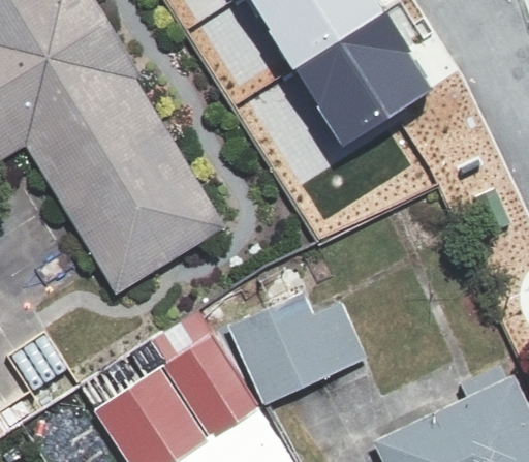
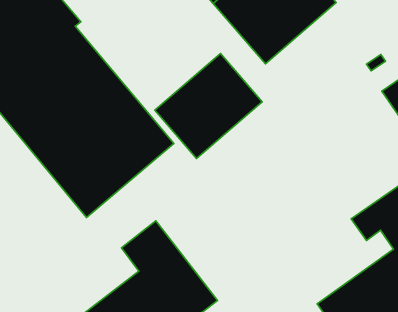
building: none -> [155,53,262,158]
building: [228,301,367,408] -> none

